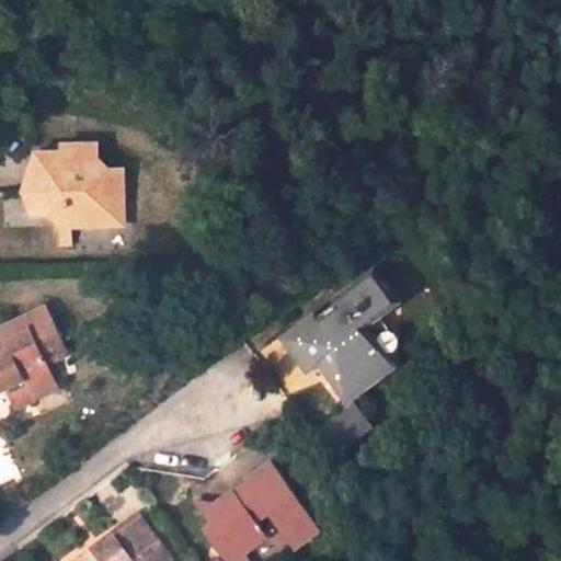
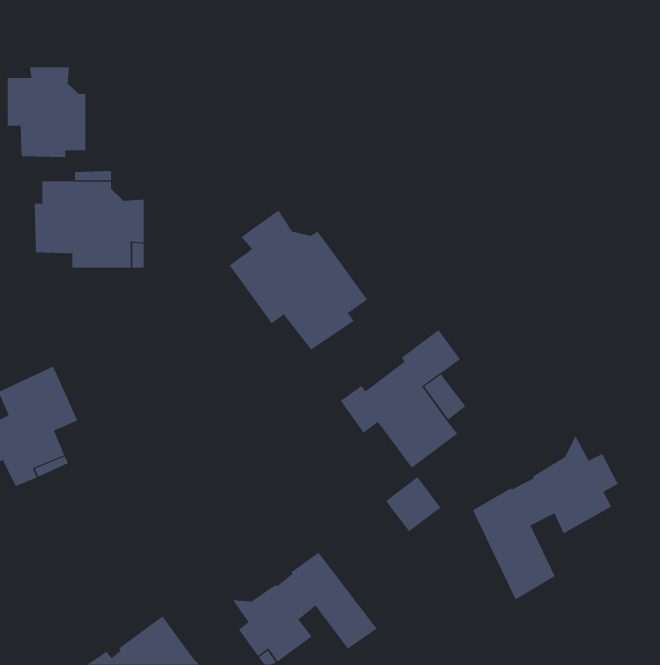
building: none -> [7,66,86,158]
building: none -> [229,209,368,351]
building: none -> [472,435,619,600]

